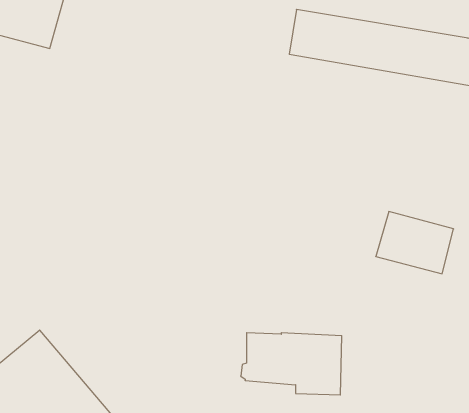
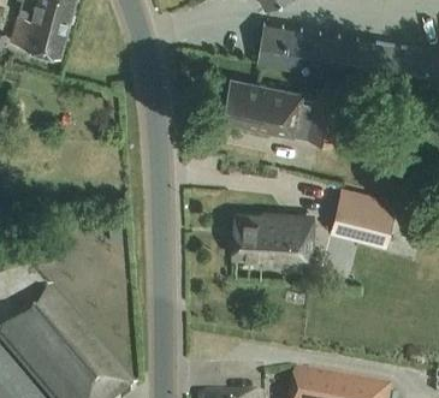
building: none -> [223,81,348,145]
building: [241,333,342,395] -> [230,215,314,267]

